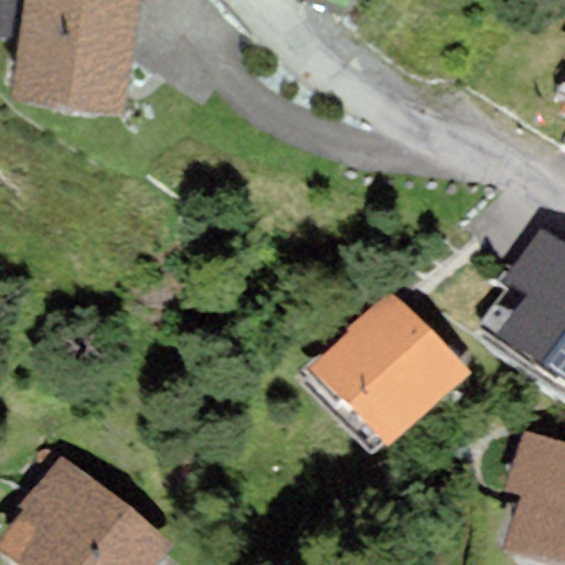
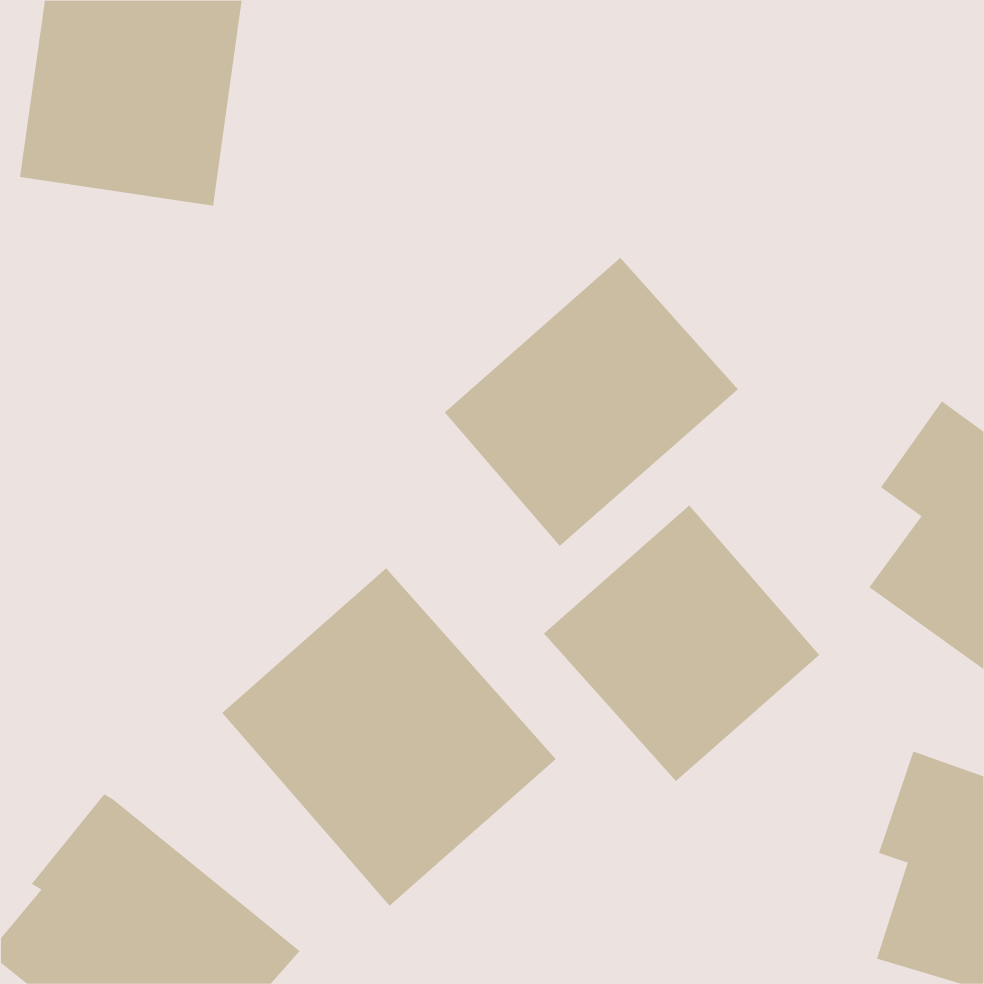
building: none -> [444,257,739,547]
building: none -> [222,568,557,906]

